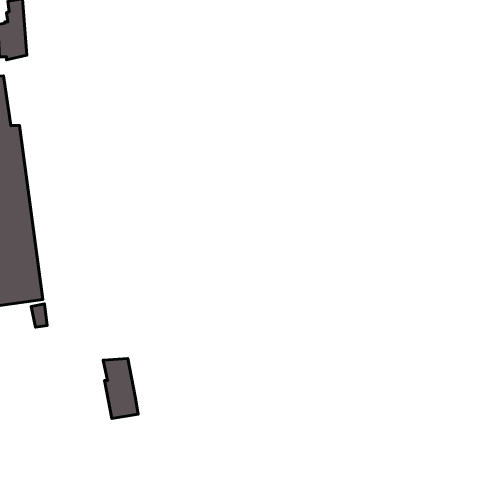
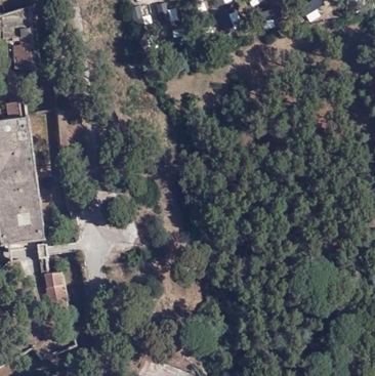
building: [103,359,138,419] -> [43,271,68,314]

